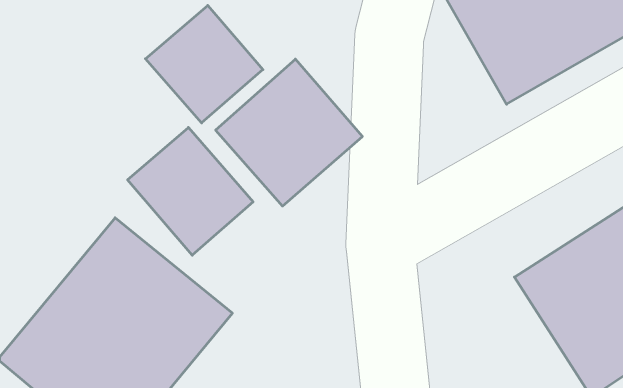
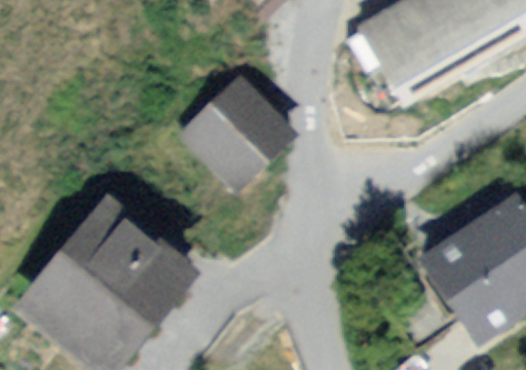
building: [145,5,263,123] -> none
building: [128,127,253,255] -> none

